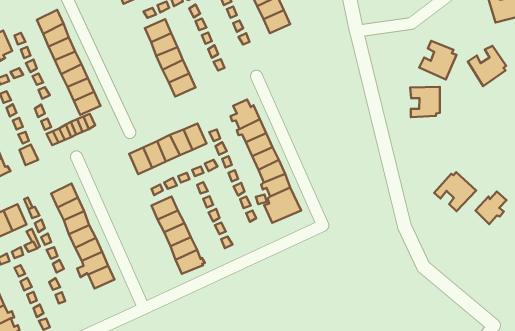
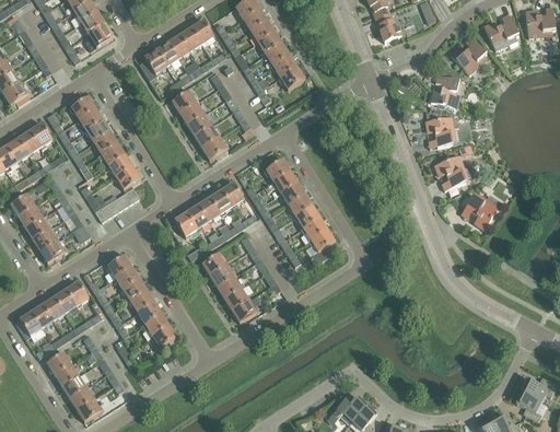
building: [468,46,506,86] -> [451,36,487,74]
building: none -> [434,154,468,190]
building: [476,192,506,224] -> none

